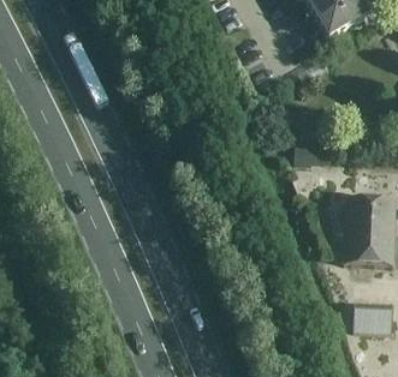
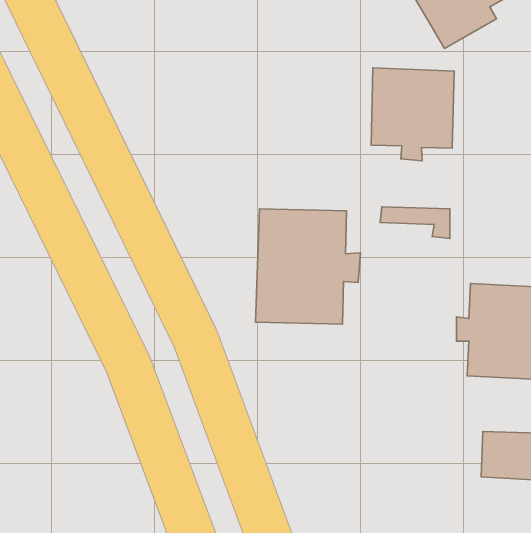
building: none -> [371,68,454,161]
building: none -> [255,209,360,324]

